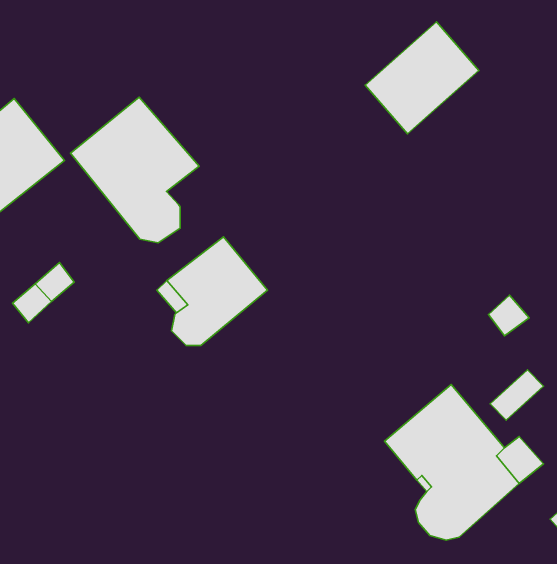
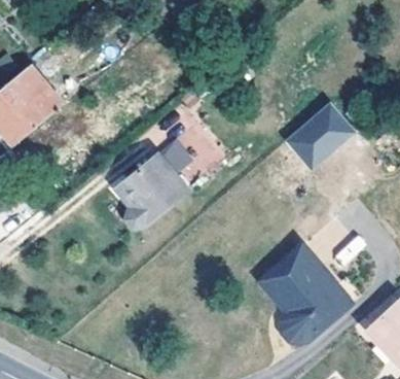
building: [365,22,479,134] -> [282,101,354,172]
building: [71,97,199,243] -> none

